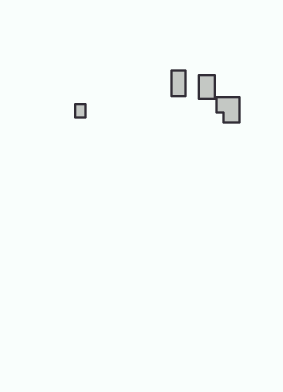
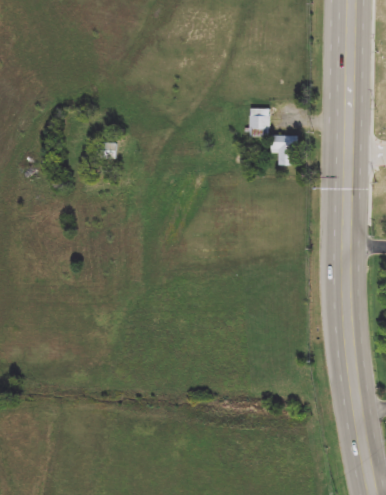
building: [172,70,185,96] -> none

